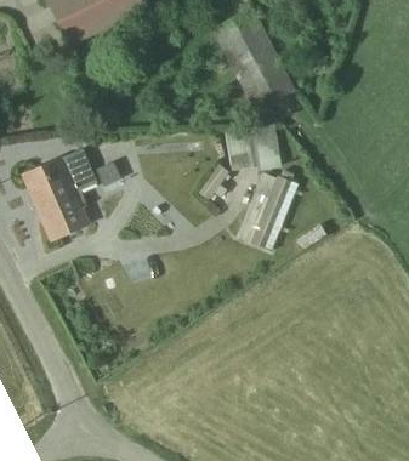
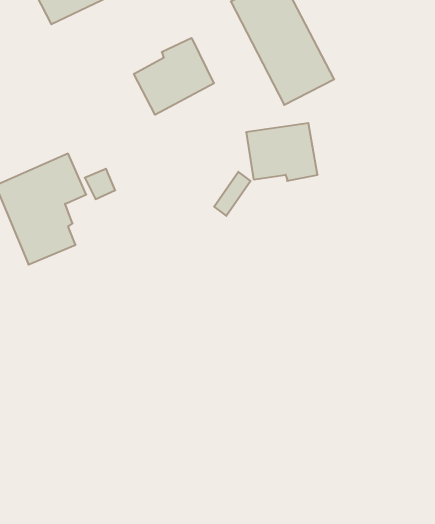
building: none -> [134,38,214,115]
building: [238,175,291,247] -> none

